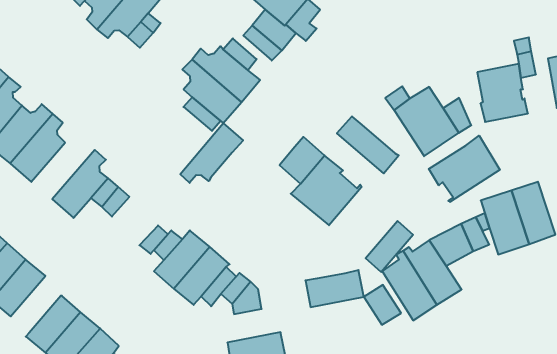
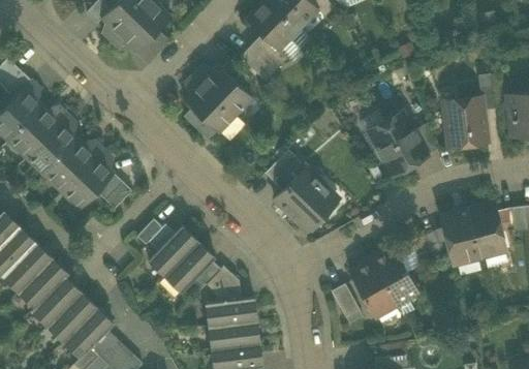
building: [337,116,399,173] -> none
building: [180,123,243,183] -> none
building: [429,136,500,202] -> none
building: none -> [44,142,102,191]
building: [366,221,413,272] -> none
building: [305,270,364,307] -> [206,298,256,328]
building: none -> [19,258,68,308]

